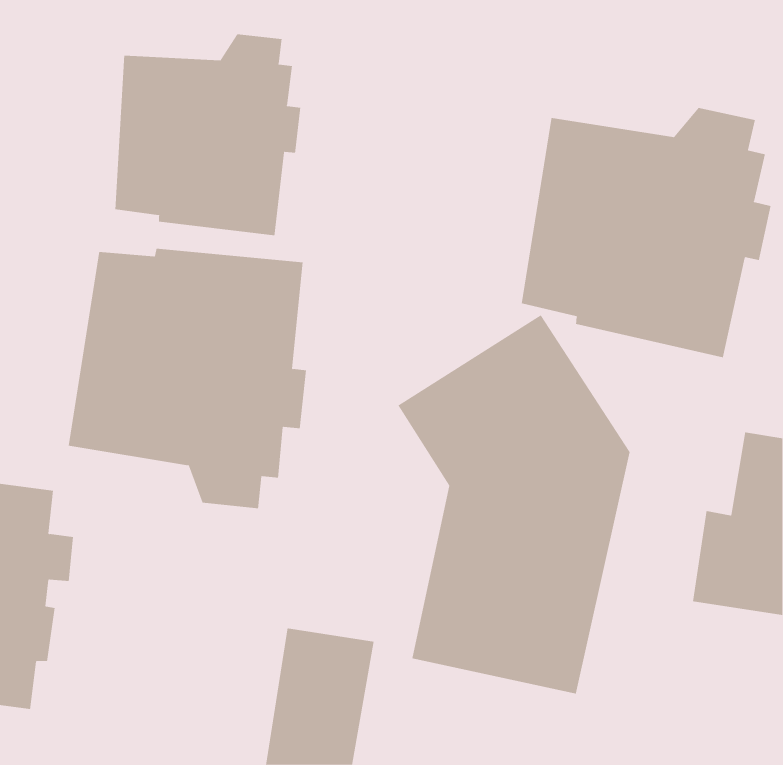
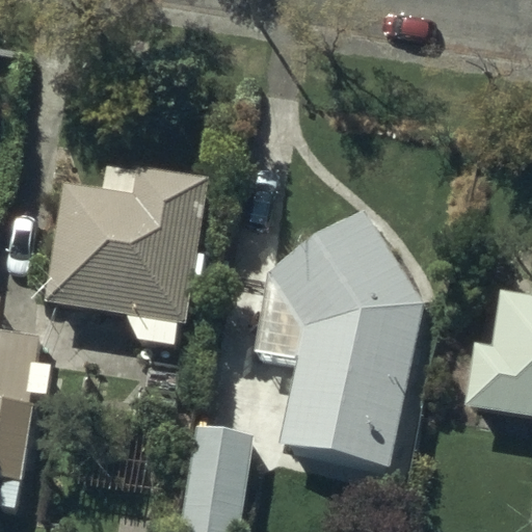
building: [115,34,301,236] -> none
building: [521,107,771,358] -> none

